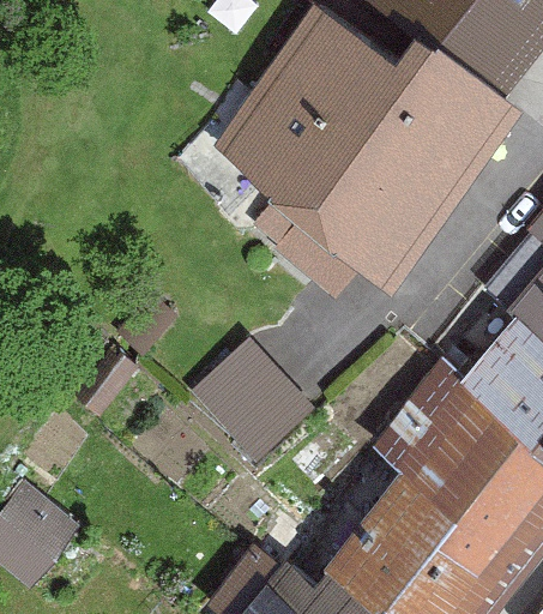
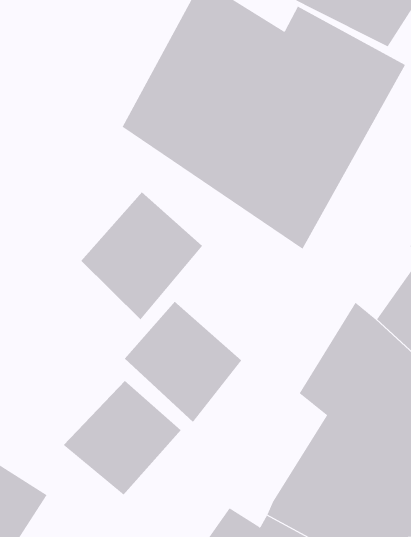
building: none -> [80,191,203,320]
building: none -> [63,380,181,495]

